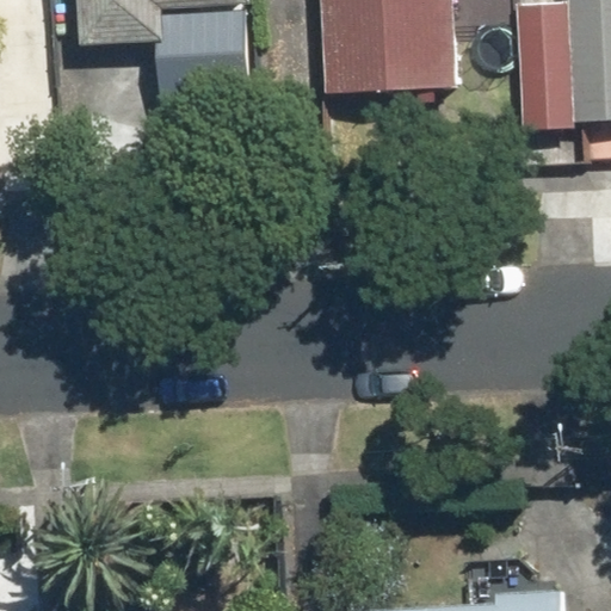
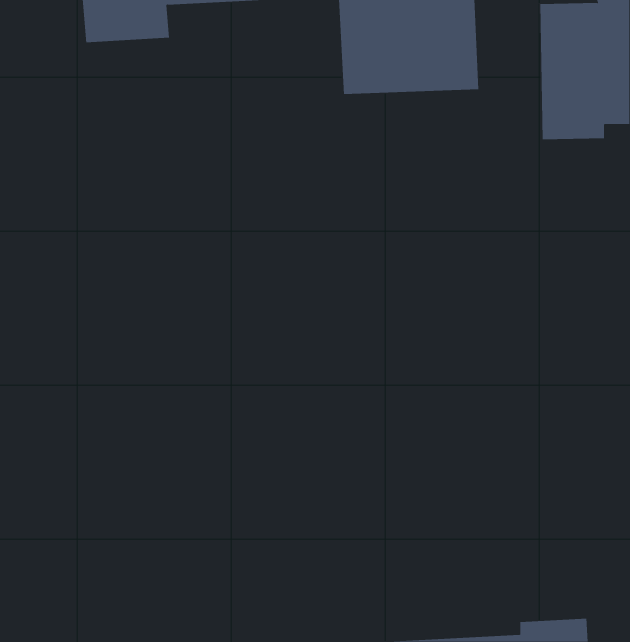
building: [155,17,258,101] -> none

